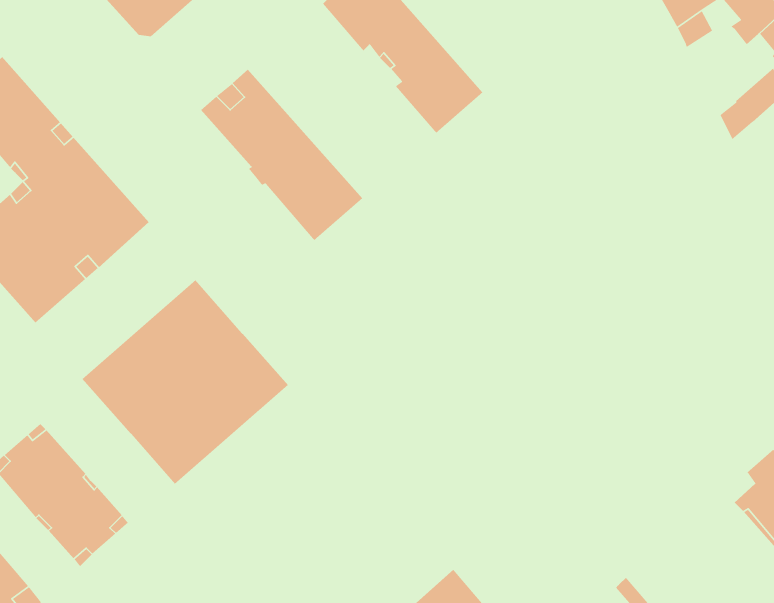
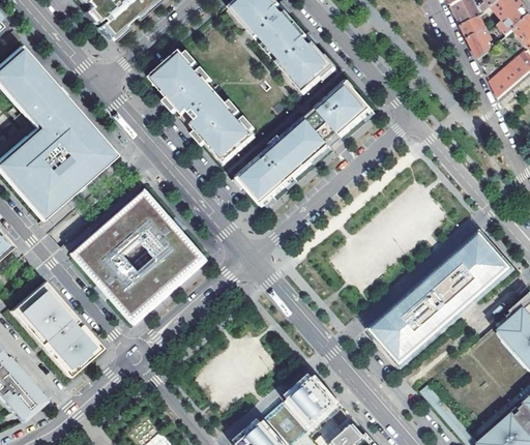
building: none -> [466,25,505,58]
building: none -> [237,82,372,206]
building: none -> [370,233,511,365]

